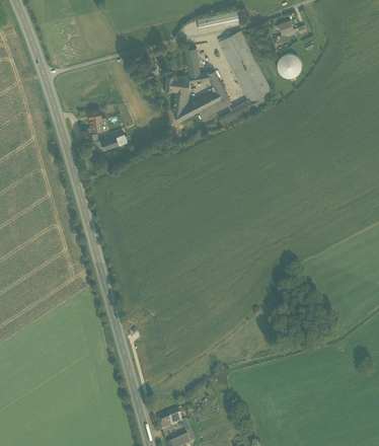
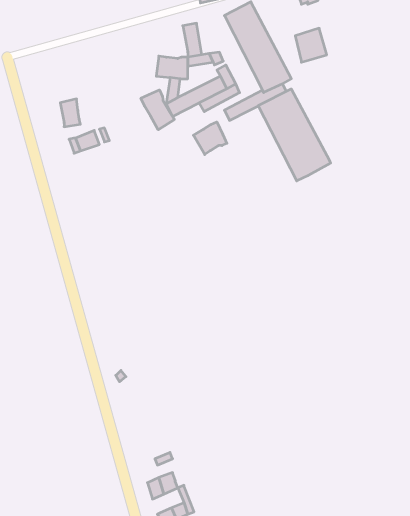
building: none -> [258,89,331,181]
building: none -> [141,90,174,130]
building: none -> [193,122,227,155]

